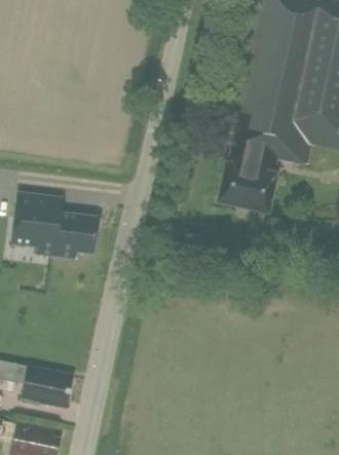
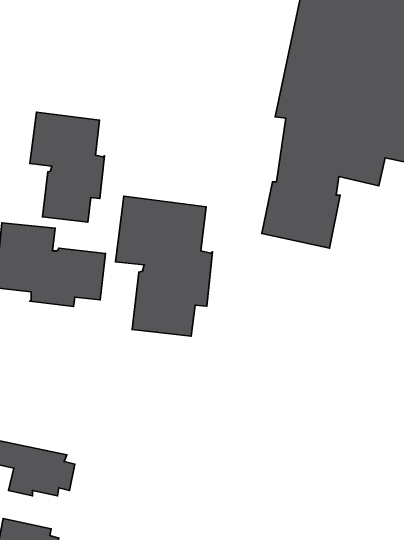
building: none -> [30,112,105,222]
building: none -> [115,196,213,336]

